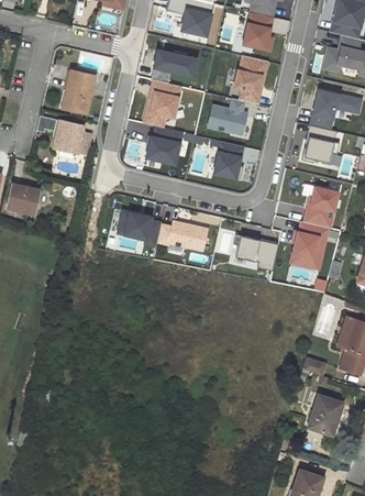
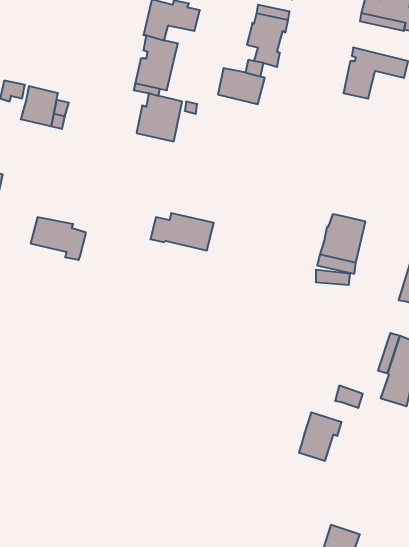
building: [63,70,93,111] -> none
building: [301,125,339,163] -> none
building: [213,141,243,179] -> none
building: [303,187,338,229] -> none
building: [117,211,161,245] -> [31,217,86,260]
building: [232,234,277,272] -> none
building: [309,395,343,433] -> [299,412,342,461]

